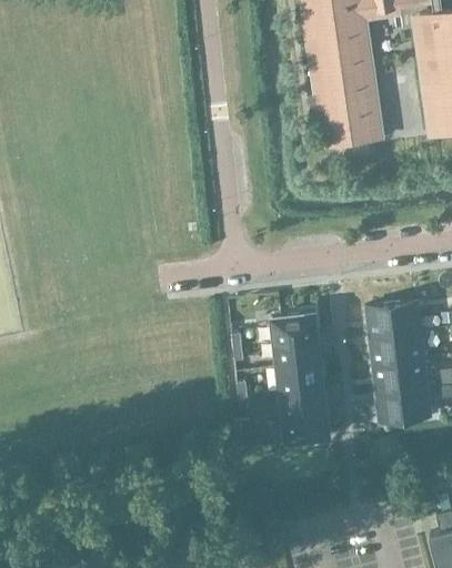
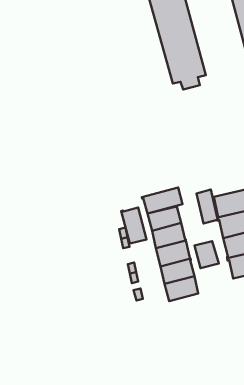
building: none -> [142,187,182,213]
building: none -> [197,189,218,224]
building: none -> [121,207,147,244]
building: none -> [195,241,219,268]

